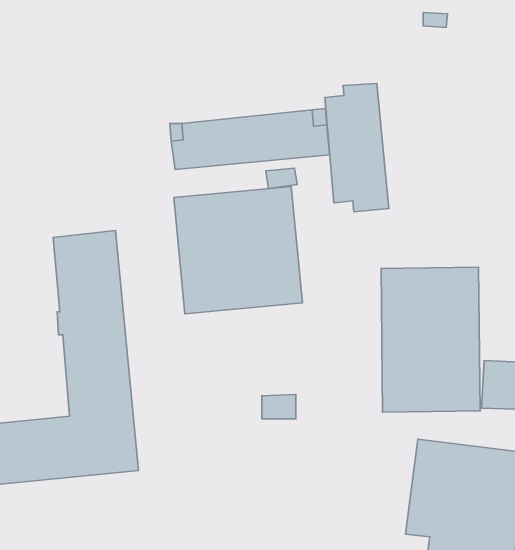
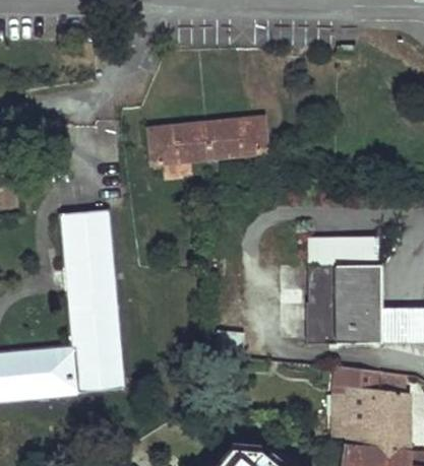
building: [325,83,389,212] -> none
building: [174,186,303,314] -> none

